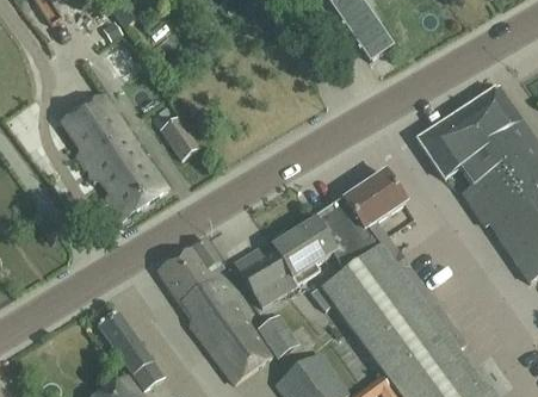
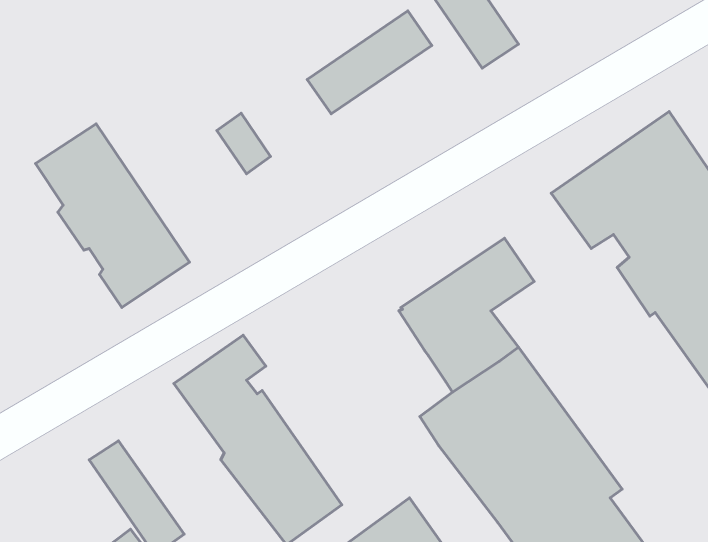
building: none -> [307,11,432,114]
building: [161,117,198,159] -> [217,113,271,174]
building: [234,222,332,306] -> none
building: [258,312,299,358] -> none

